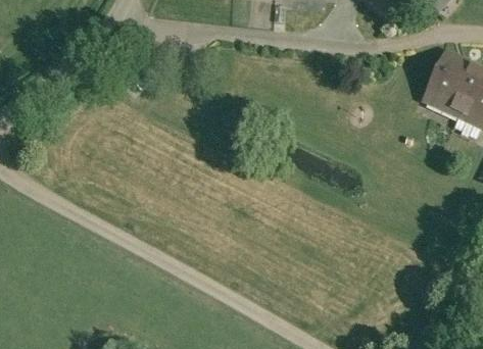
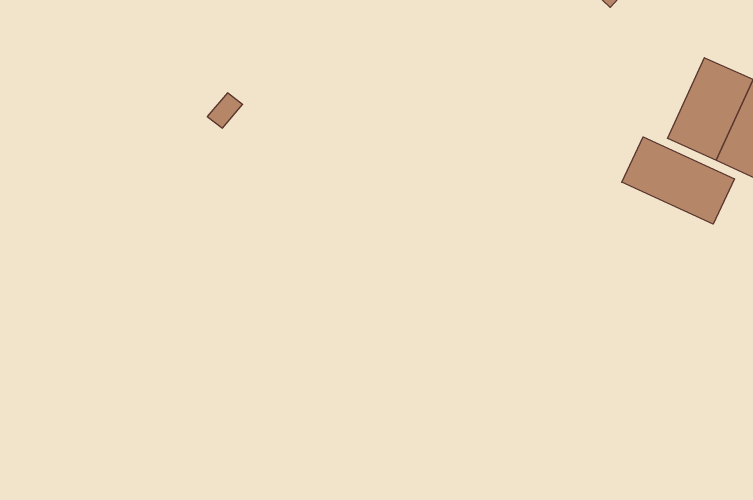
building: none -> [622,137,734,224]

